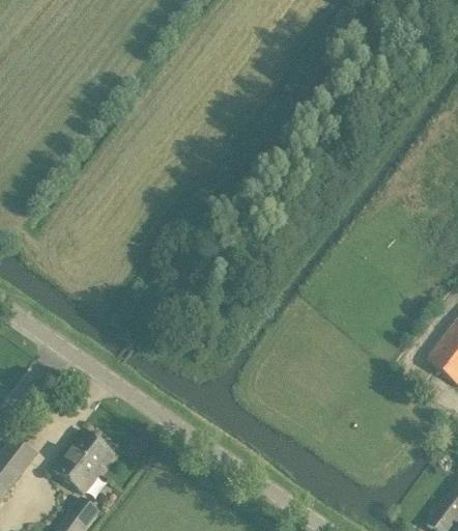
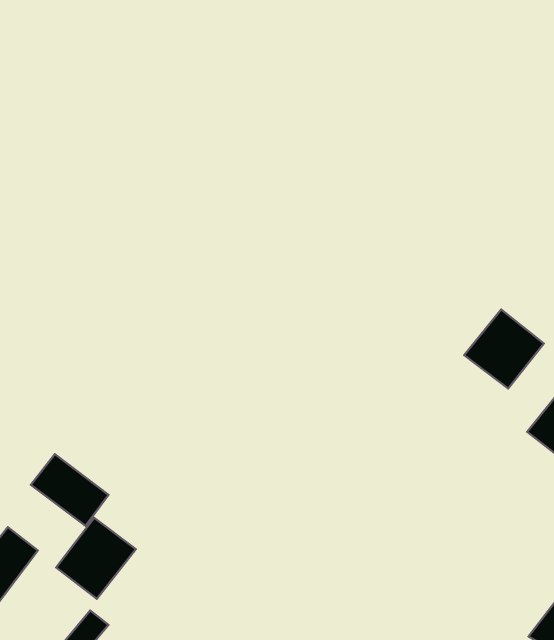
building: none -> [464,309,544,389]
building: none -> [31,454,109,526]

